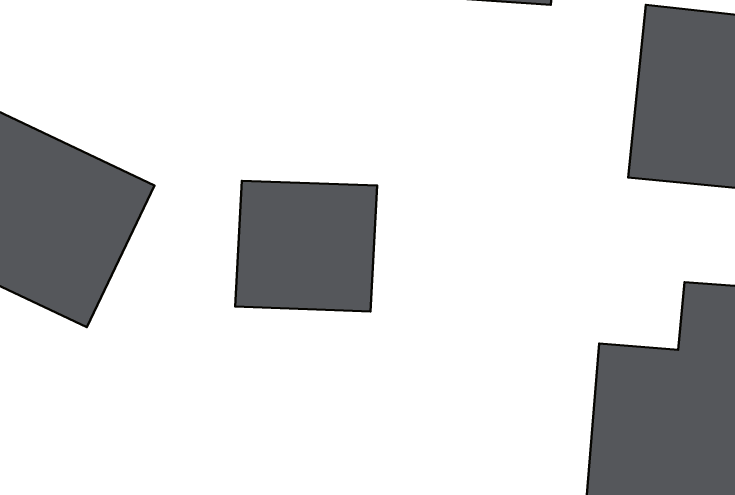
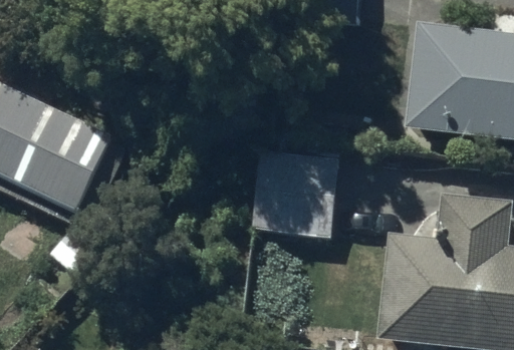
building: [235,181,377,311] -> [253,151,341,233]

